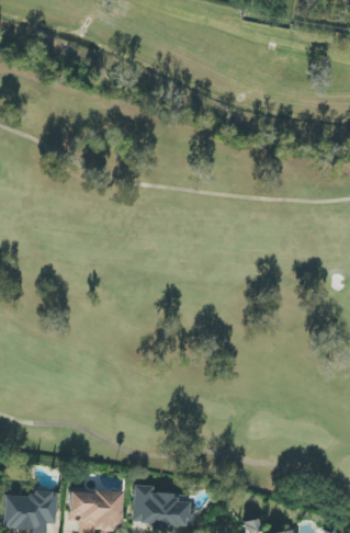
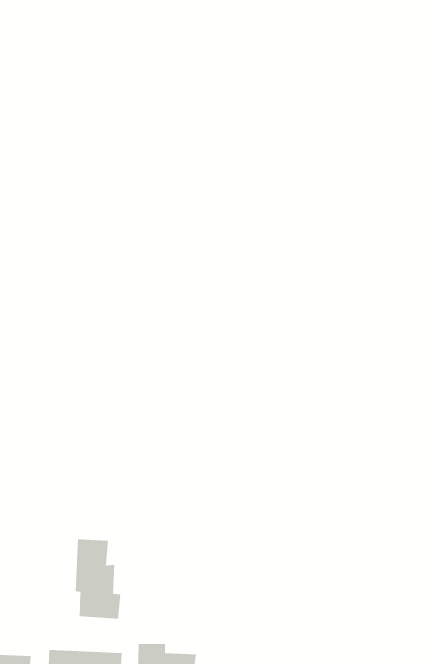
building: none -> [75,538,121,620]

